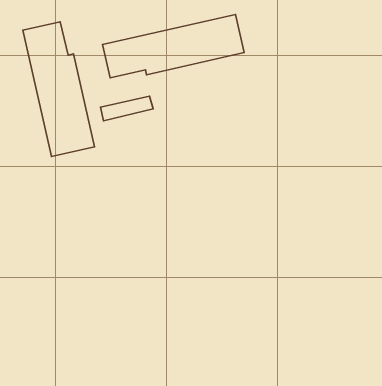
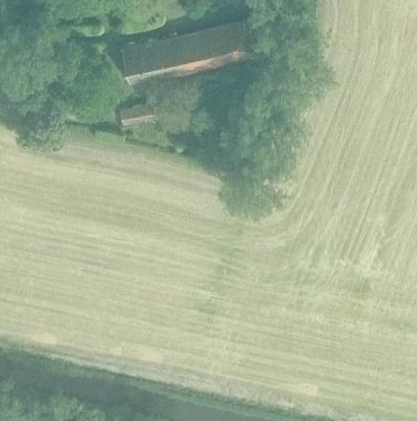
building: [23,22,94,157] -> none

